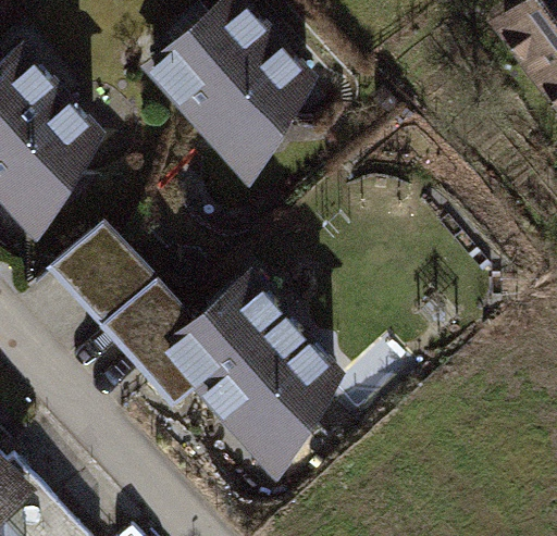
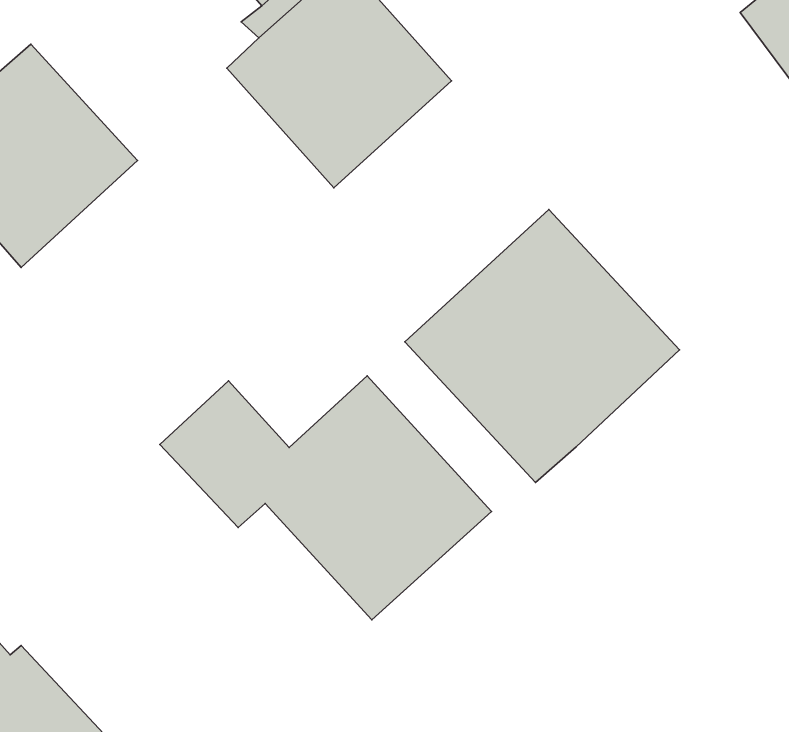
building: none -> [405,209,680,482]
building: [61,233,160,334] -> none

